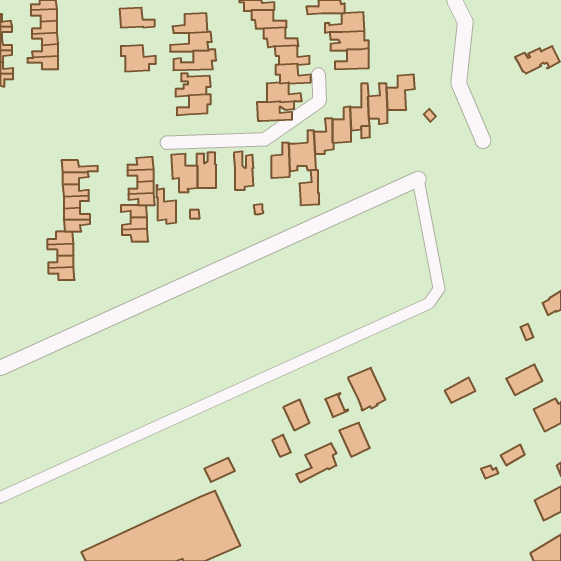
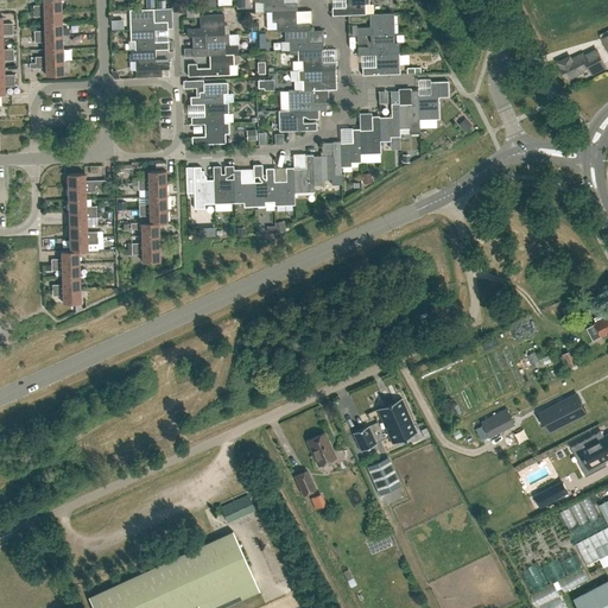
building: none -> [131,28,169,50]
building: none -> [191,122,229,144]
building: [299,170,319,205] -> [273,167,294,205]
building: [156,185,176,224] -> [233,165,254,207]
building: [296,443,336,482] -> none

